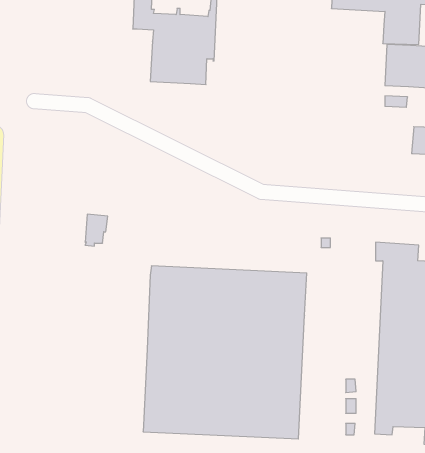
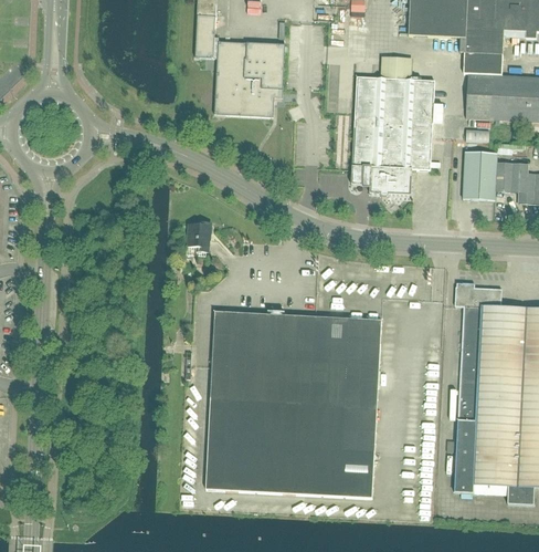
building: none -> [351,55,435,197]
building: none -> [463,150,497,199]
building: [85,214,108,246] -> [188,220,212,254]

